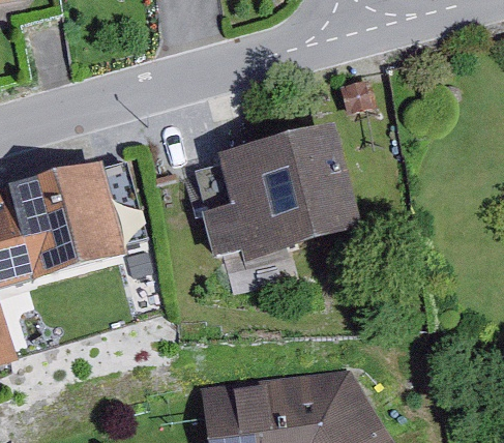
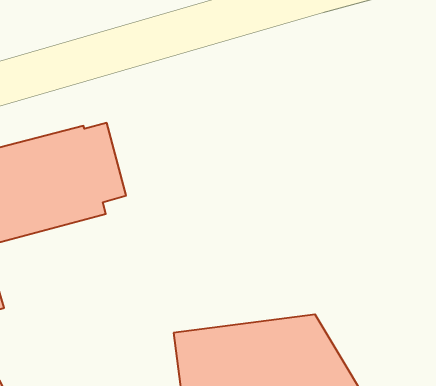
building: [195,134,356,262] -> none

